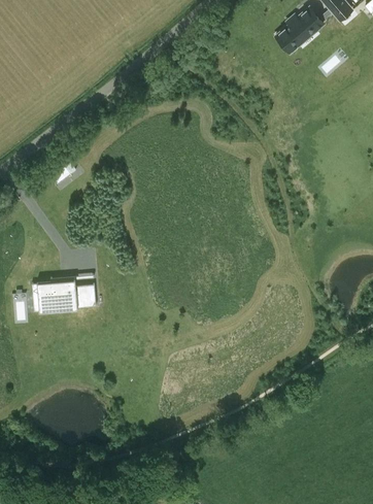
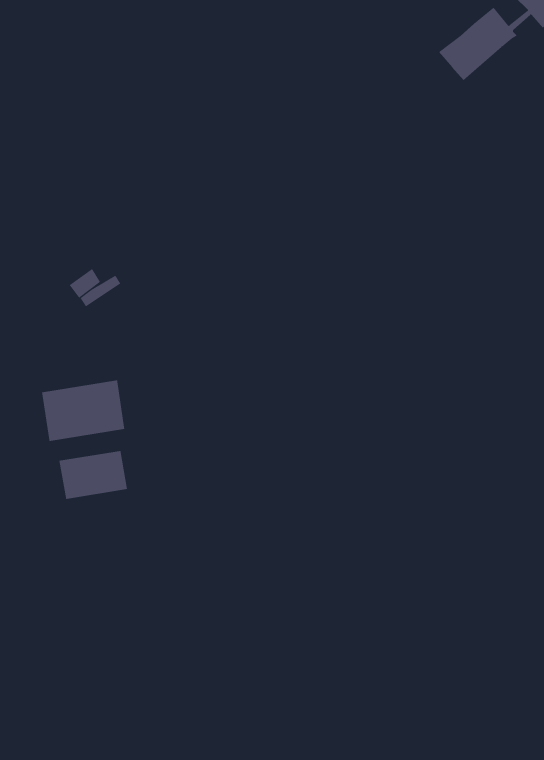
building: none -> [42,380,125,442]

